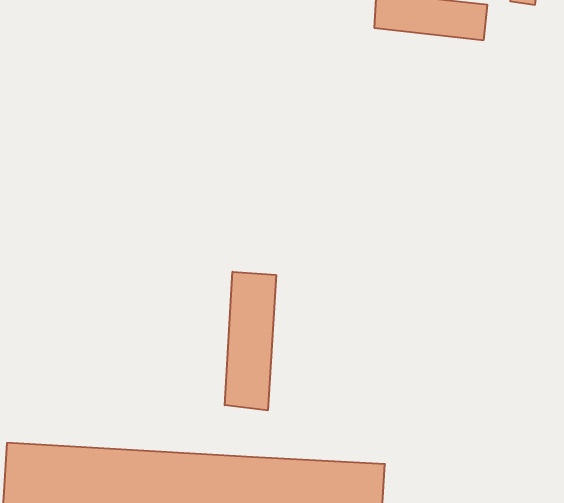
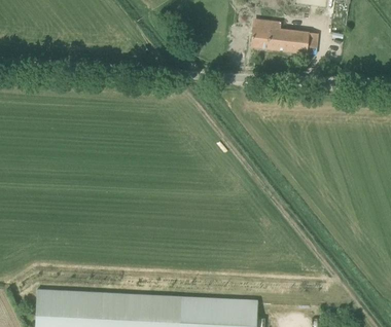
building: [225,272,276,410] -> none

